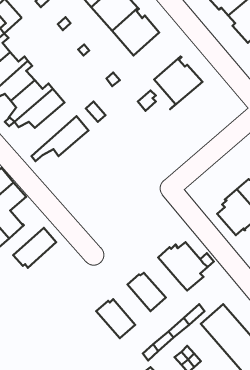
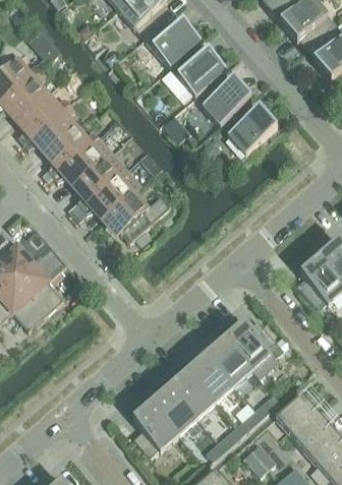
building: none -> [194,68,250,124]
building: none -> [67,151,126,216]
building: none -> [105,191,170,245]
building: [13,228,56,268] -> none
building: none -> [207,337,251,384]
building: none -> [170,369,215,417]
building: none -> [132,401,178,456]

